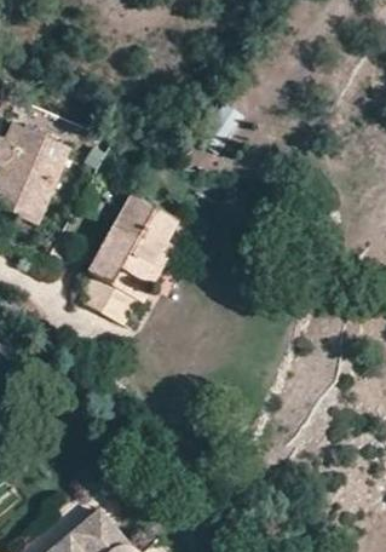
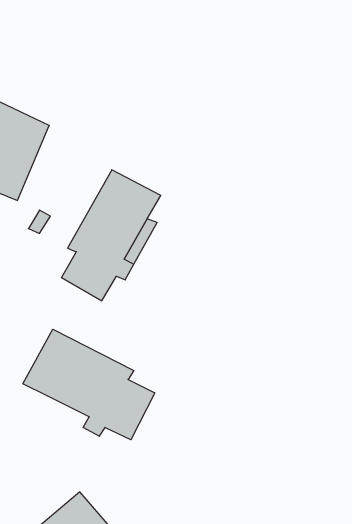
building: none -> [23,329,155,440]

